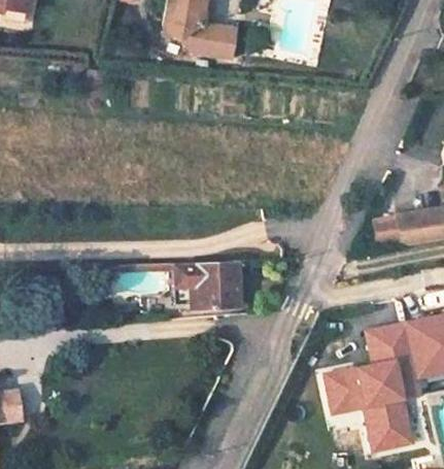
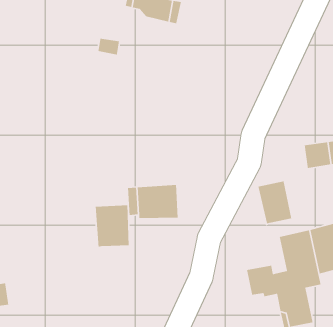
building: none -> [257,180,292,224]
building: none -> [95,205,130,247]

